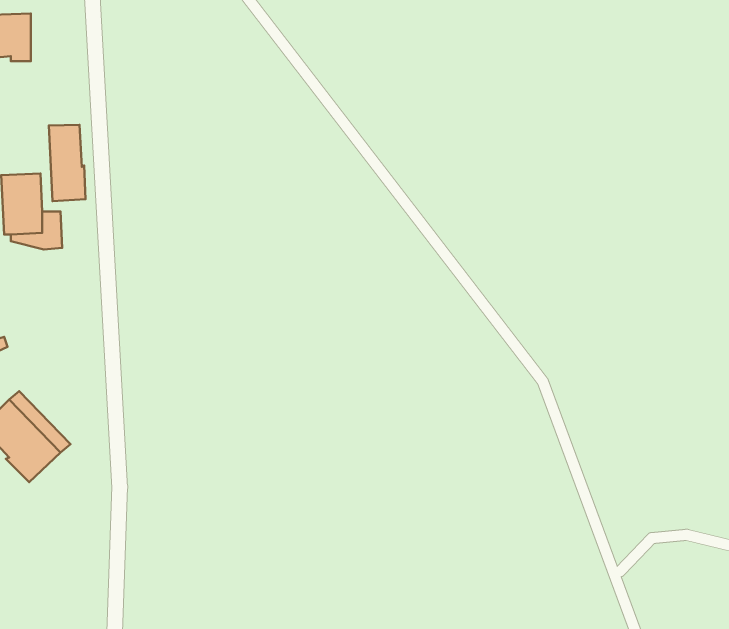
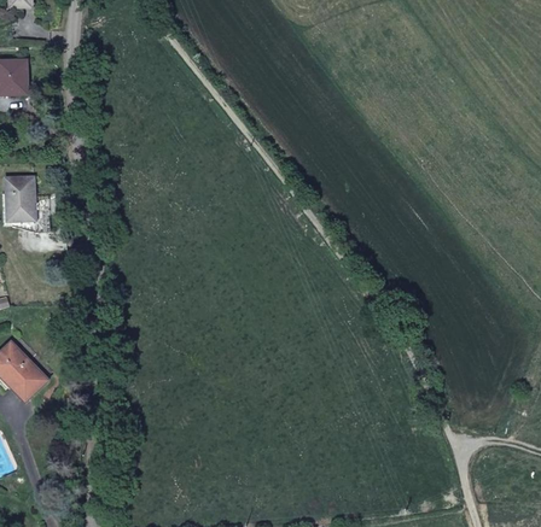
building: [49,125,85,201] -> none

